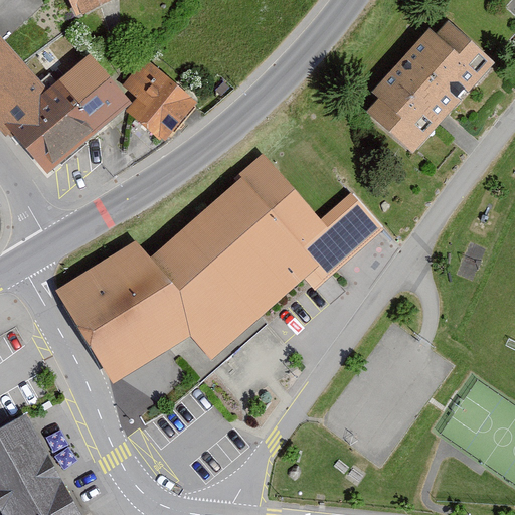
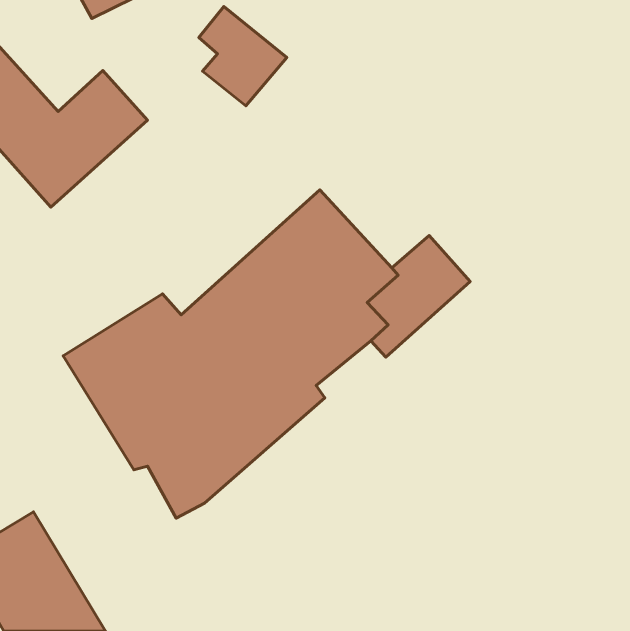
building: [372,23,500,154] -> none
building: [123,58,194,139] -> [199,7,287,106]

